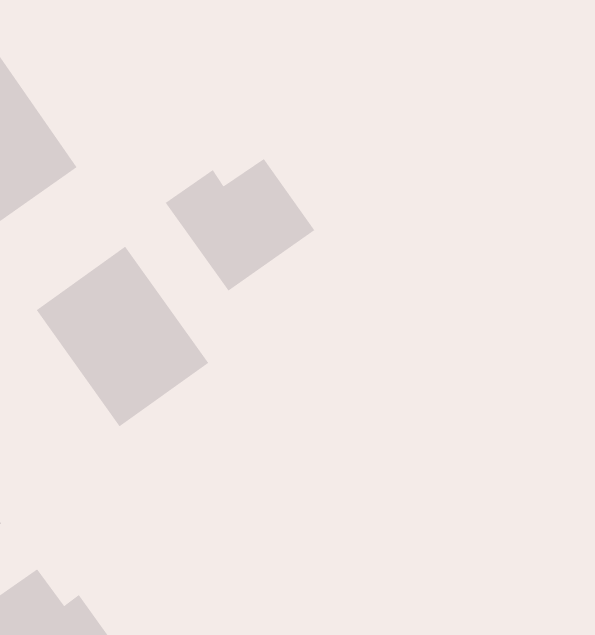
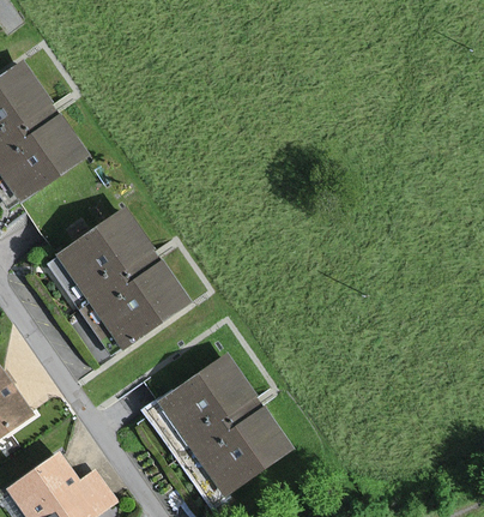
building: [165,158,315,292] -> none
building: none -> [161,353,291,492]

